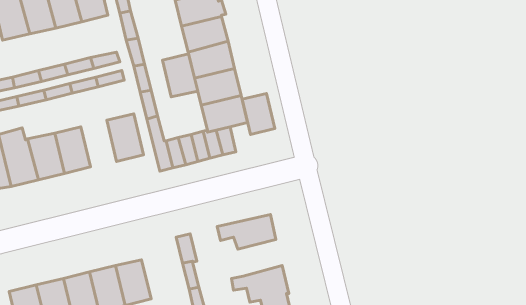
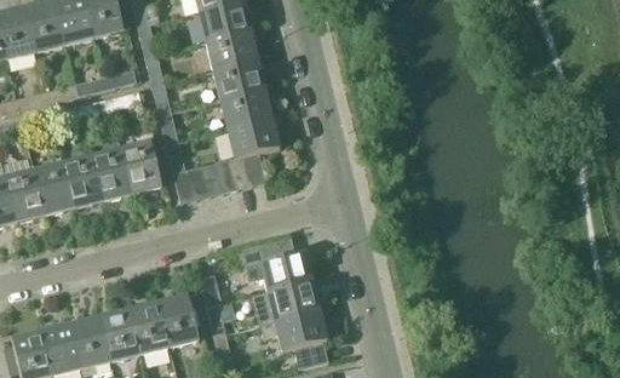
building: [162,54,198,97] -> none
building: [242,93,275,134] -> none
building: none -> [92,147,132,199]
building: none -> [251,280,317,325]
building: none -> [160,296,199,346]

